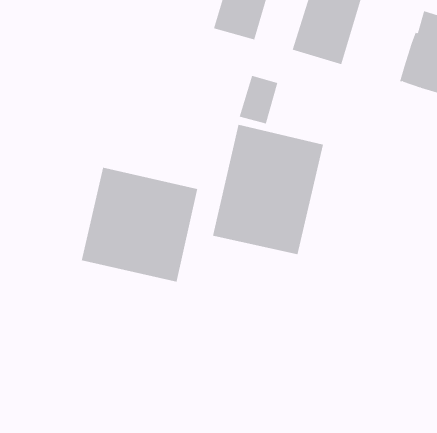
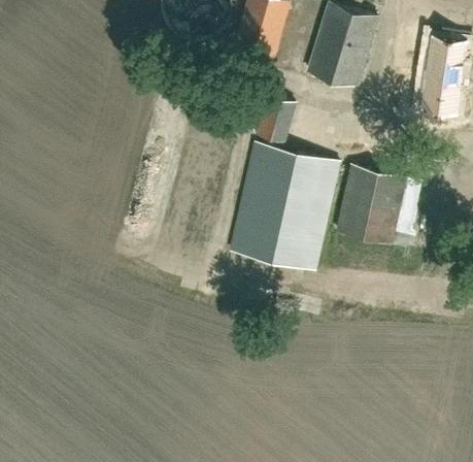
building: none -> [335,165,408,246]
building: [81,167,198,283] -> none

